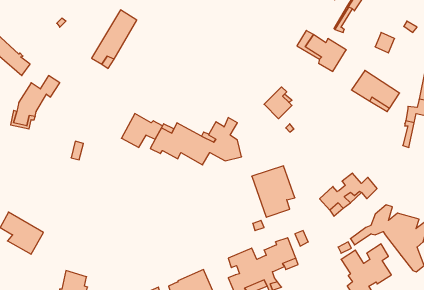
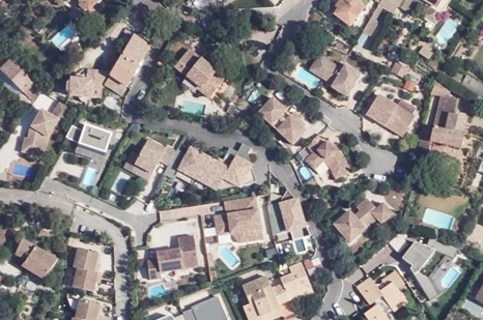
building: none -> [175,49,225,98]
building: none -> [68,68,108,96]
building: none -> [260,99,291,129]
building: none -> [65,126,111,157]
building: none -> [306,135,350,178]
building: none -> [215,196,262,241]
building: none -> [146,235,199,279]
building: none -> [70,248,101,291]

